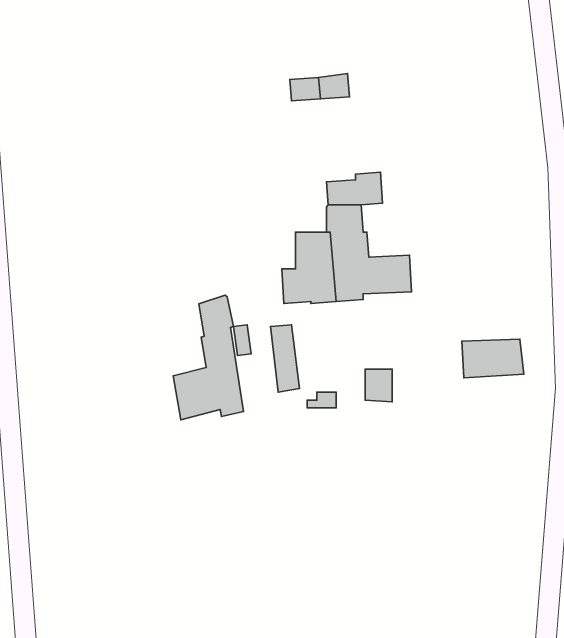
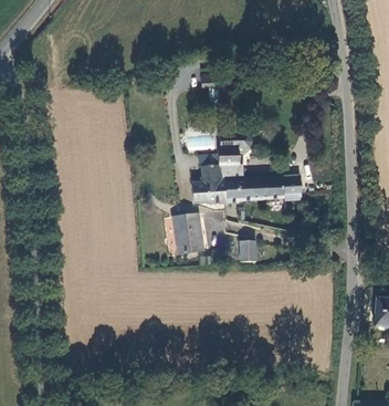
building: [173,295,244,420] -> none
building: [462,339,524,378] -> [266,176,302,198]

